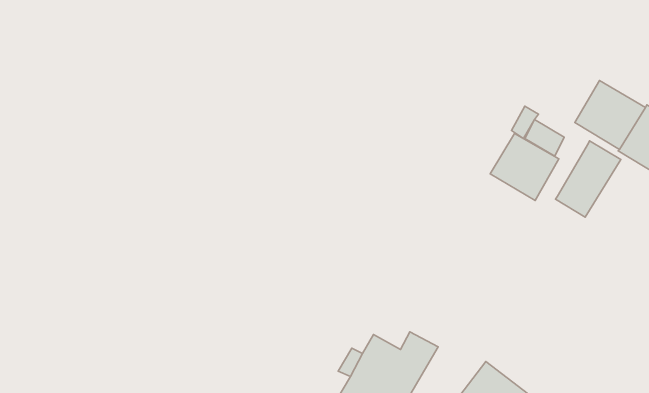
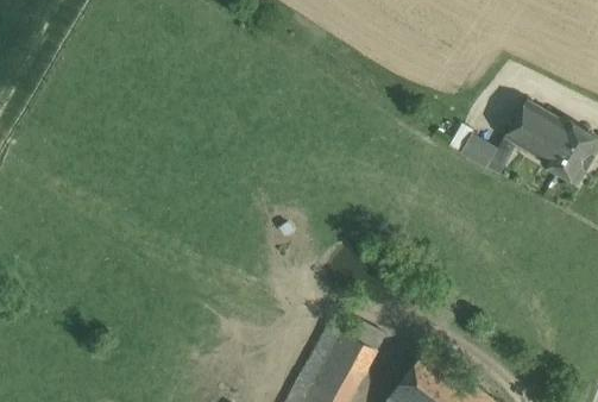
building: [490,133,559,201] -> none
building: [556,141,621,217] -> none

